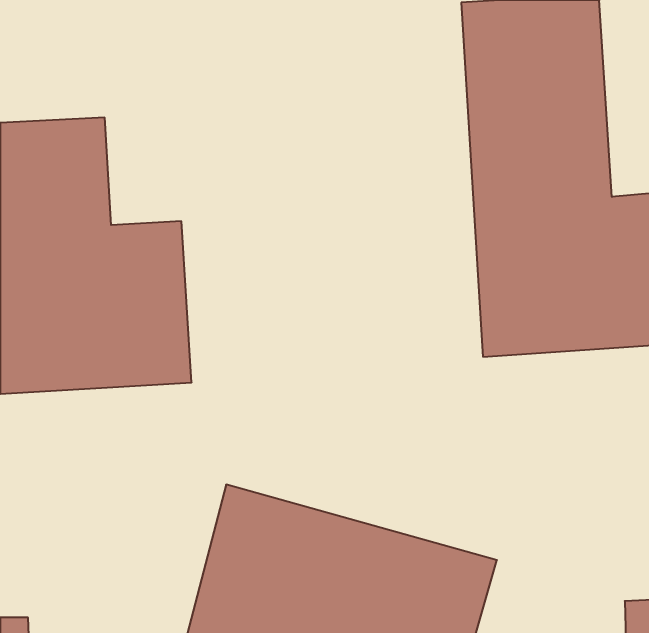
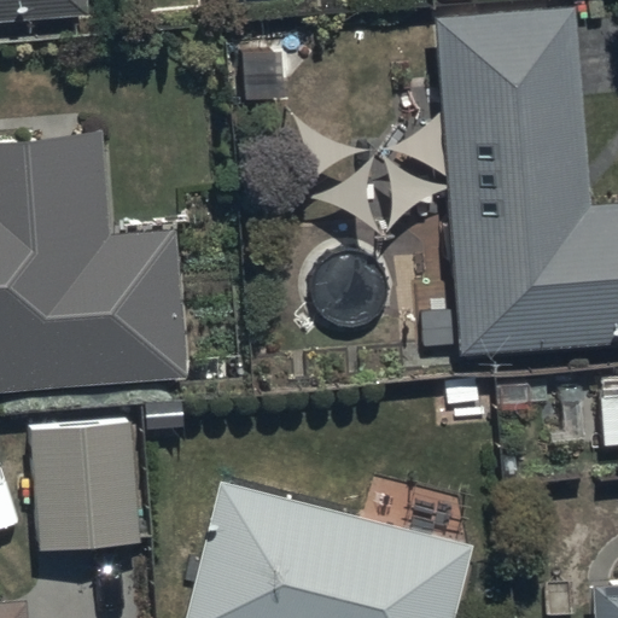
building: none -> [31,421,140,546]

